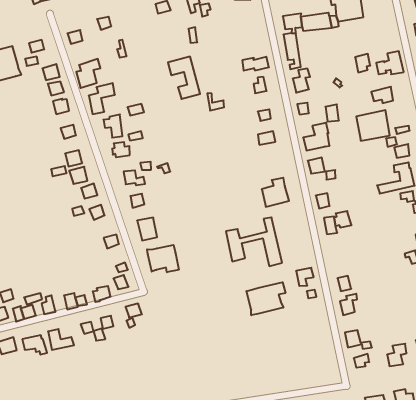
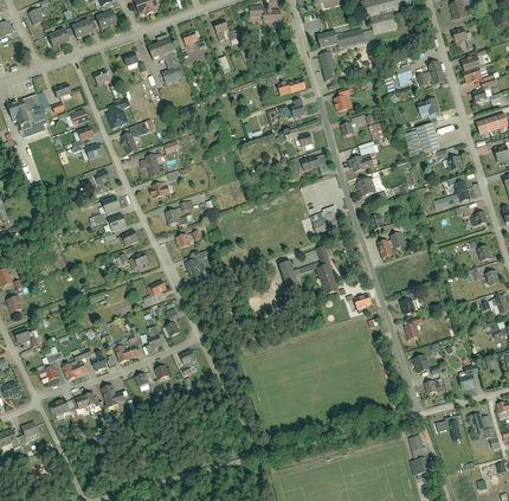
building: [168,57,200,99] -> [148,40,185,85]
building: [147,245,179,272] -> none
building: [246,282,285,315] -> none

